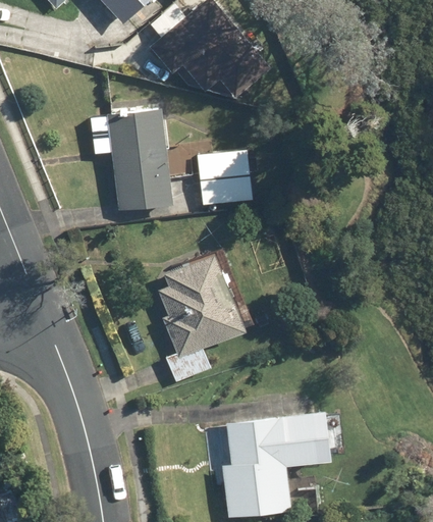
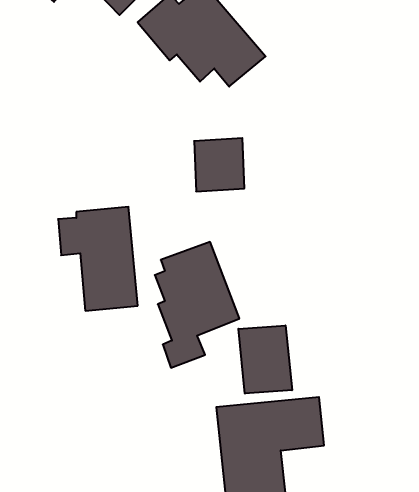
building: [90,107,170,212] -> [58,207,138,311]
building: none -> [238,325,292,394]

